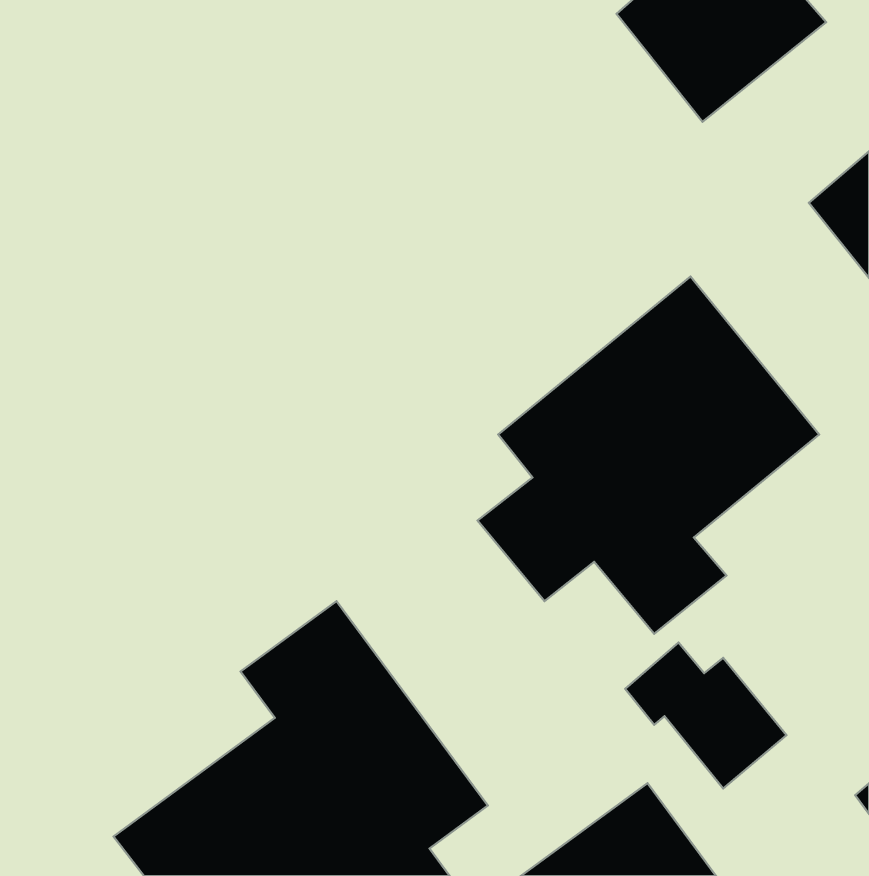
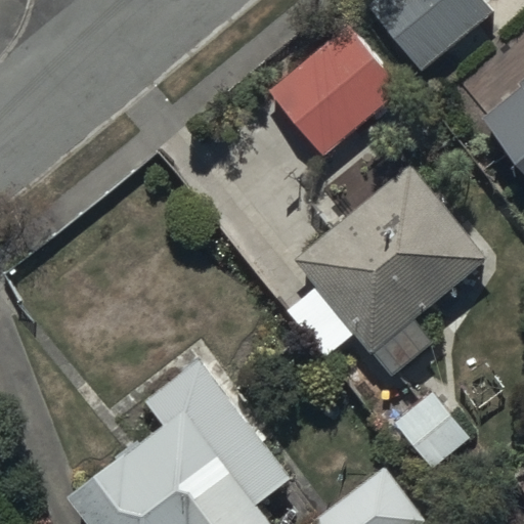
building: none -> [267,25,401,157]

